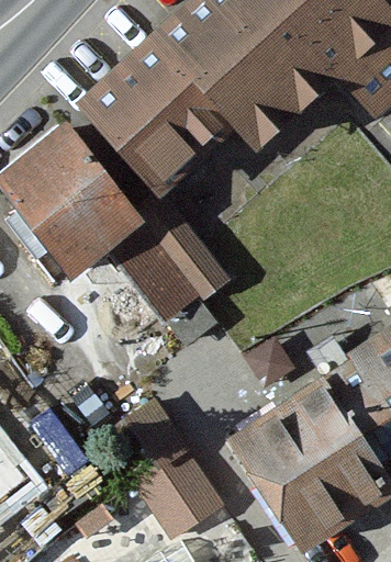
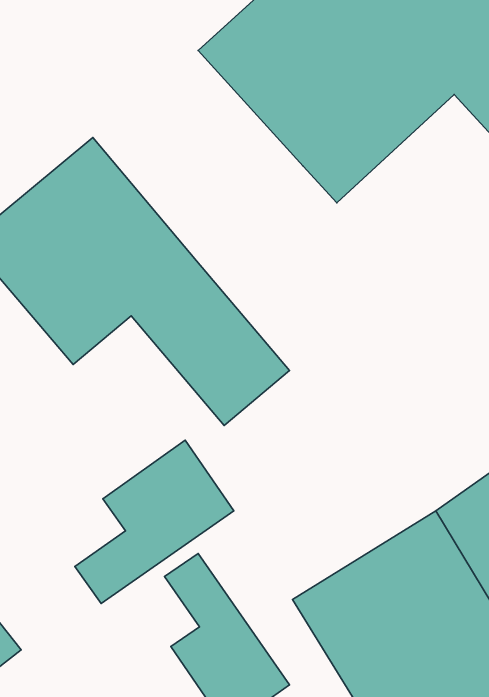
building: [77,46,228,198] -> none
building: none -> [75,440,234,603]

